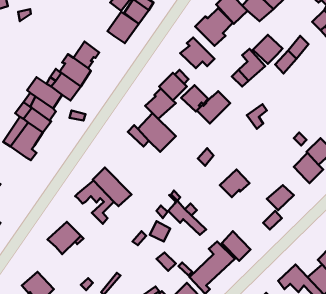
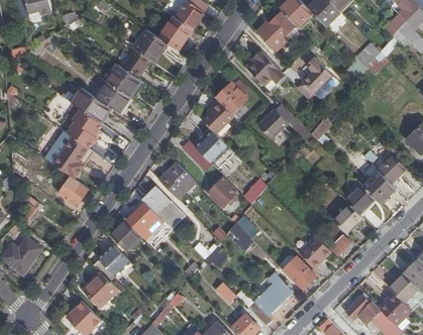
building: none -> [132,28,167,63]
building: [253,35,283,64] -> none
building: [181,85,208,111] -> none
building: none -> [158,162,193,199]
building: none -> [59,176,89,205]
building: none -> [207,178,236,208]
building: none -> [346,185,377,214]
building: [220,169,249,197] -> [299,236,331,266]
building: none -> [112,220,141,250]
building: none -> [84,273,119,307]

